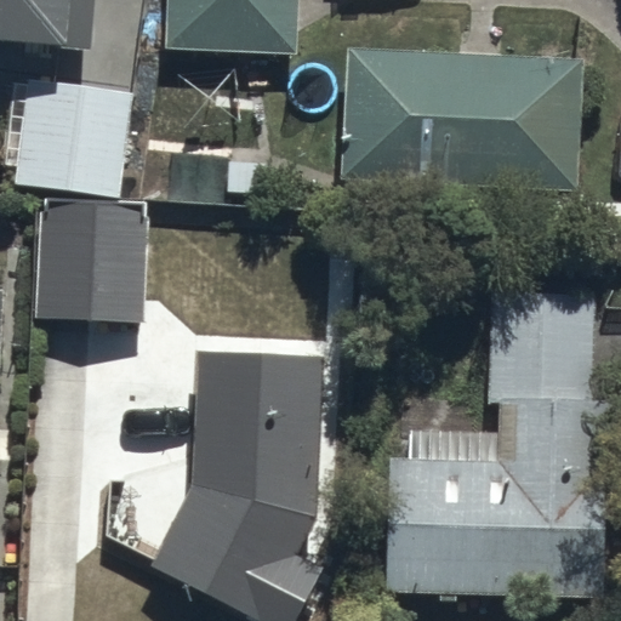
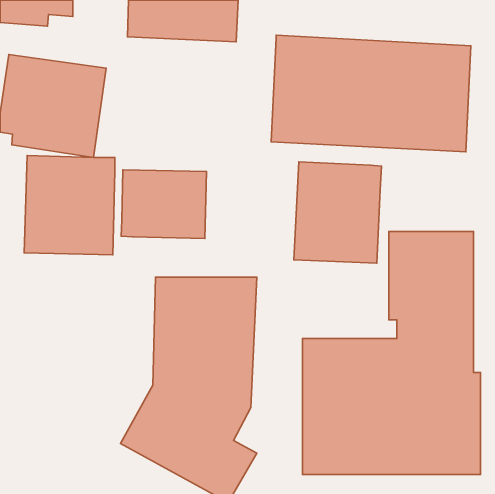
building: none -> [294,162,382,263]
building: none -> [121,170,207,238]

